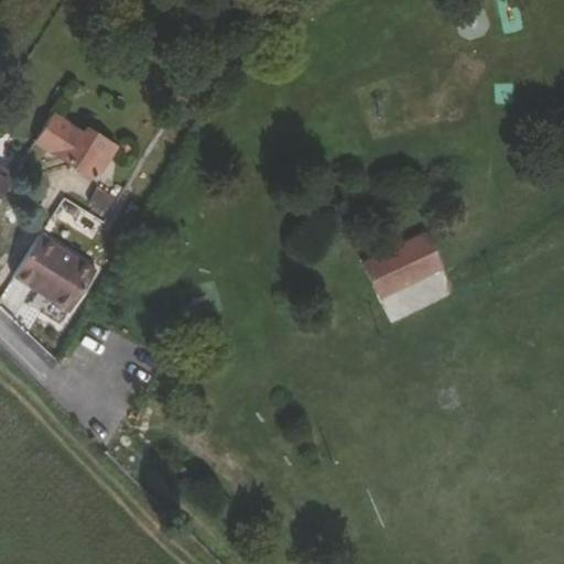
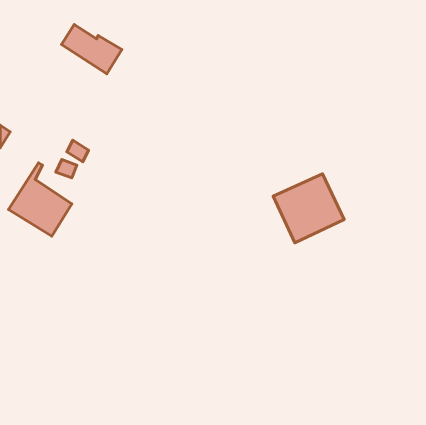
building: [36,113,116,178] -> [62,25,122,74]

